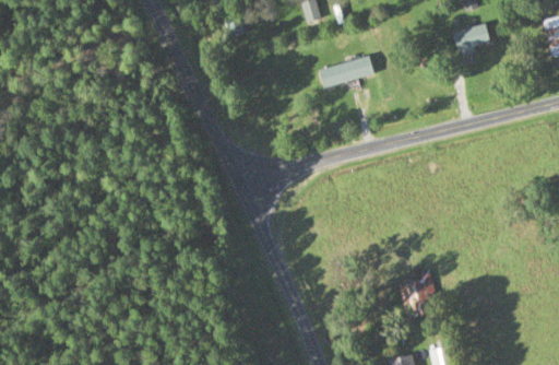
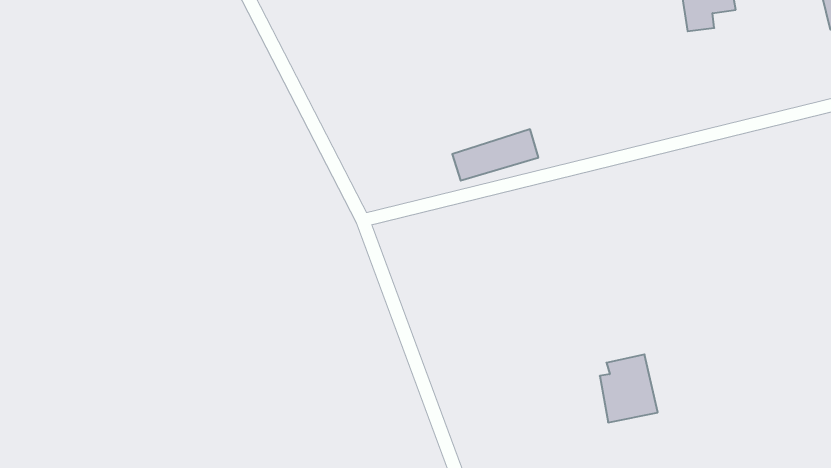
building: [318,55,374,89] -> [452,129,538,181]

